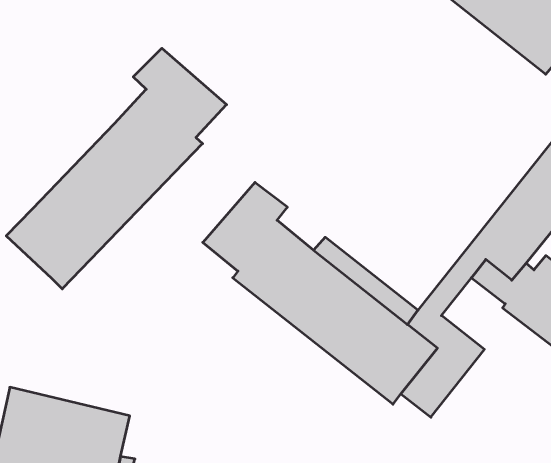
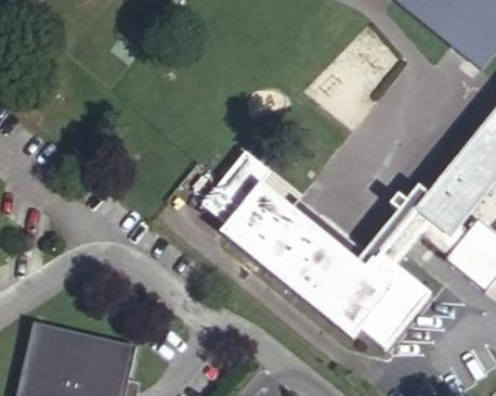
building: [6,48,227,289] -> none

